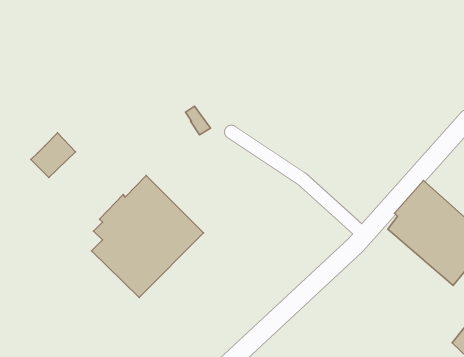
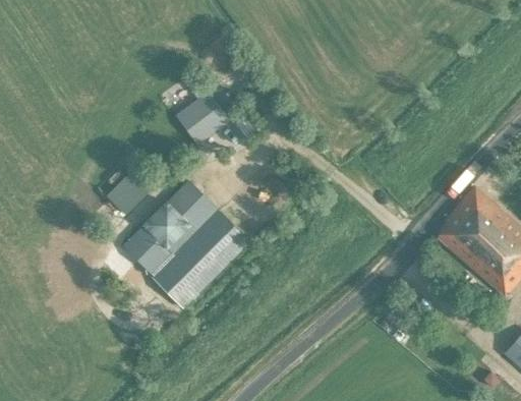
building: none -> [177,95,227,141]
building: [31,133,75,177] -> [108,168,154,214]

